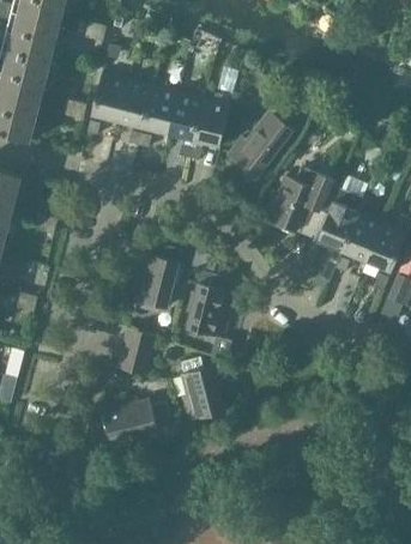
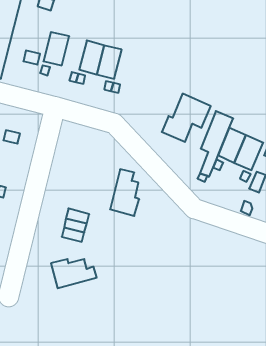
building: [116,81,152,129] -> none
building: [192,101,229,149] -> none
building: [225,113,292,181] -> none
building: [129,248,180,310] -> none
building: [181,363,223,423] -> none

